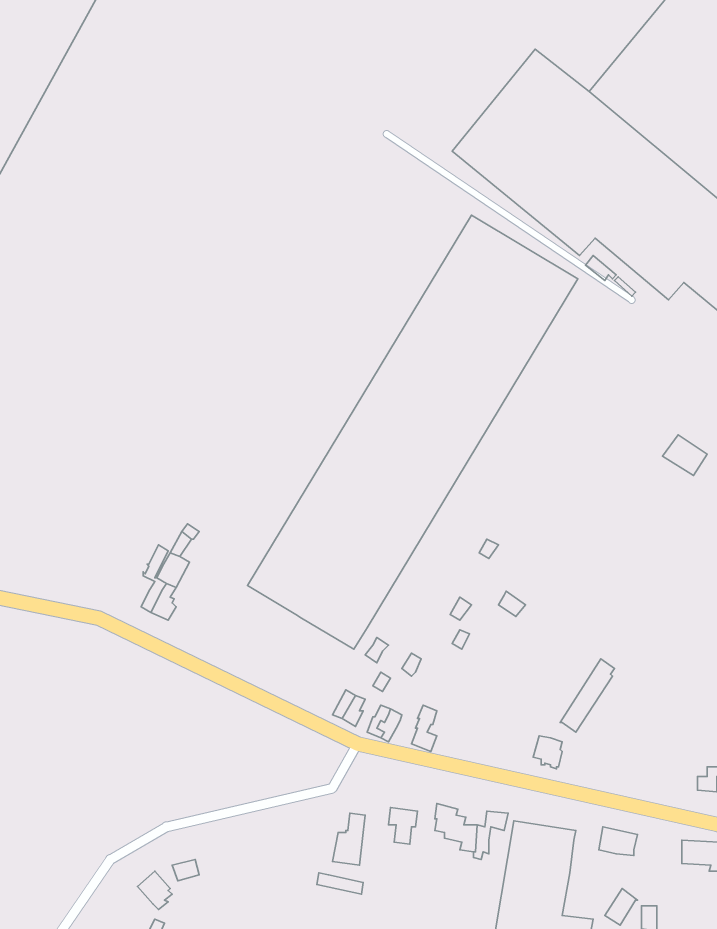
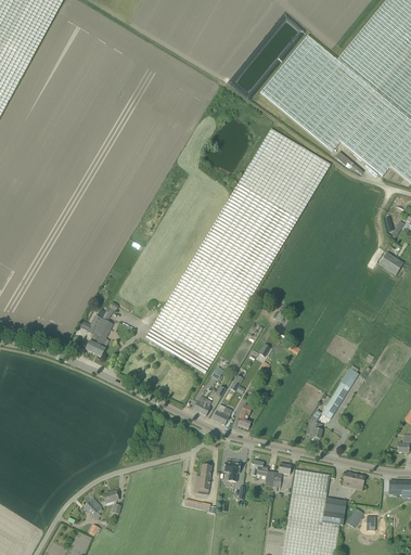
building: none -> [322,498,346,525]

